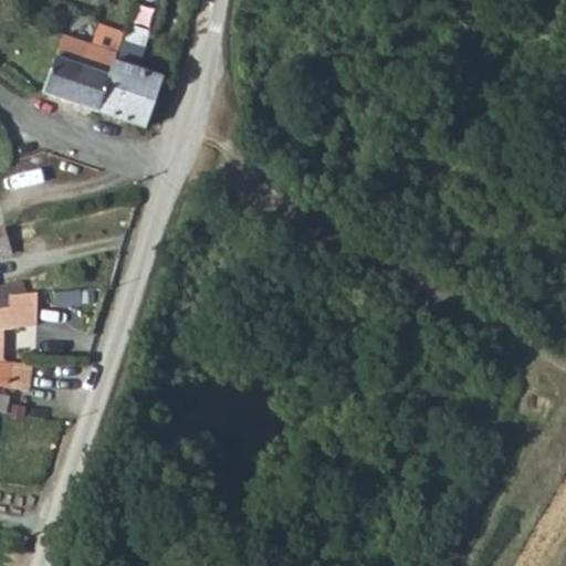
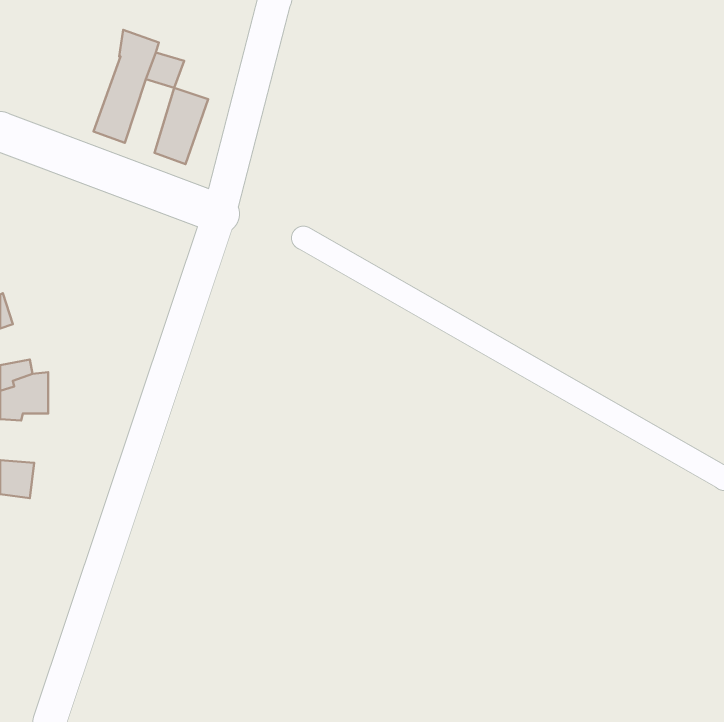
building: [44,34,94,103] -> none
building: [97,62,136,119] -> none

